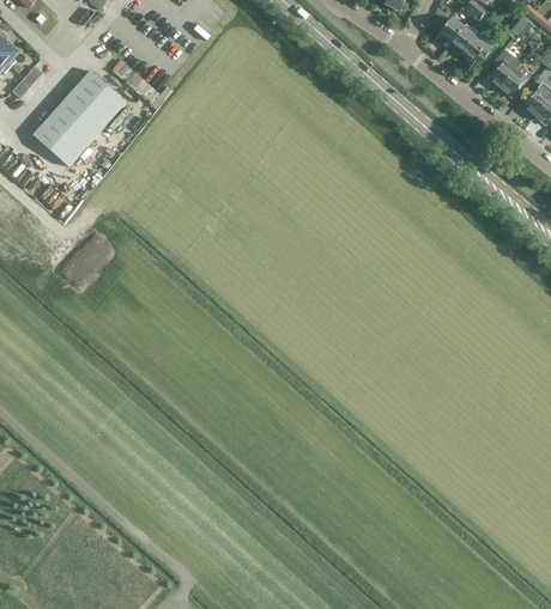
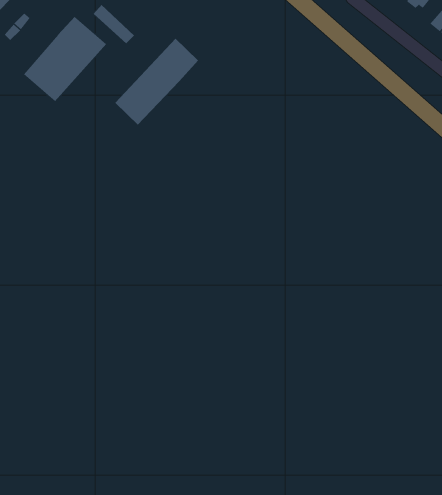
building: none -> [115,38,199,126]

